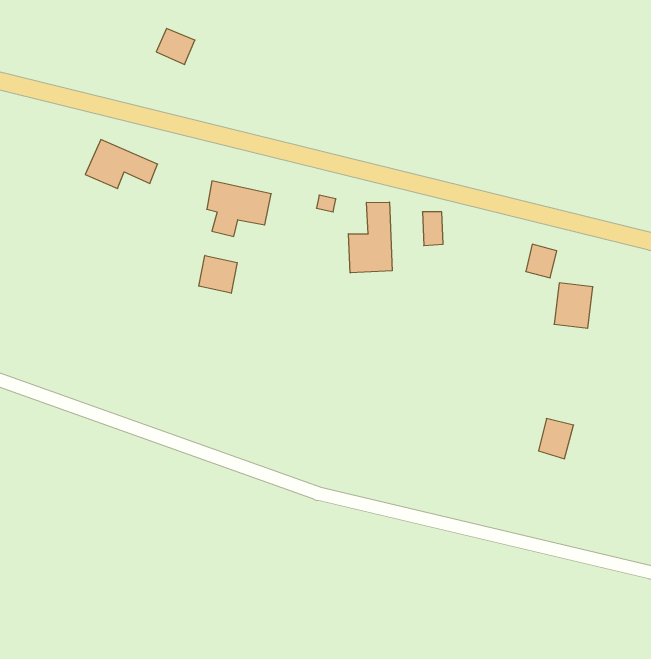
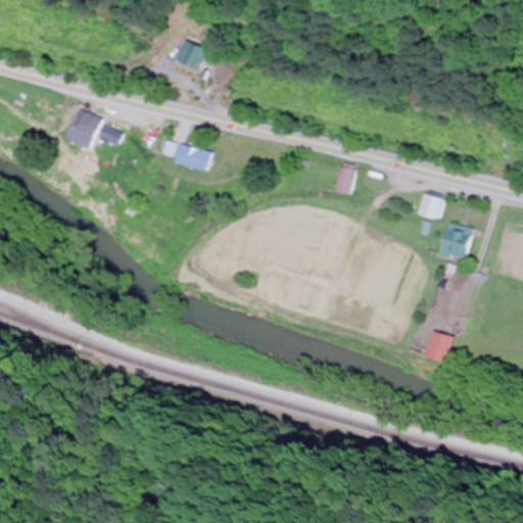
building: [156,28,195,65] -> [177,40,207,68]
building: [348,202,392,273] -> none
building: [199,255,237,293] -> none

